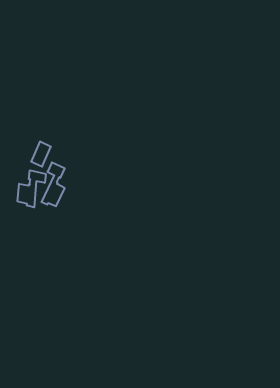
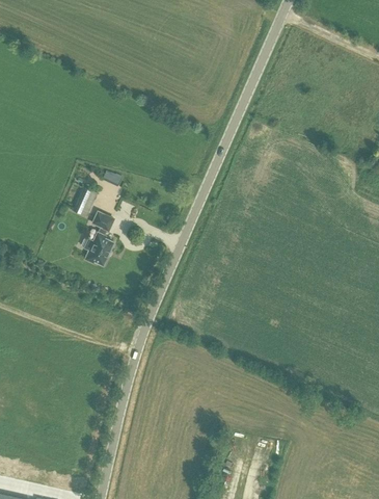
building: [18,170,46,207] -> none

